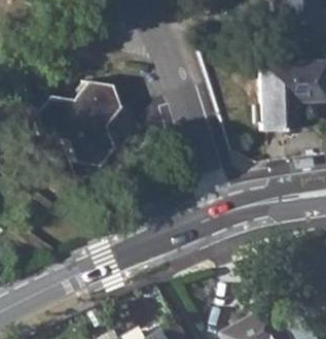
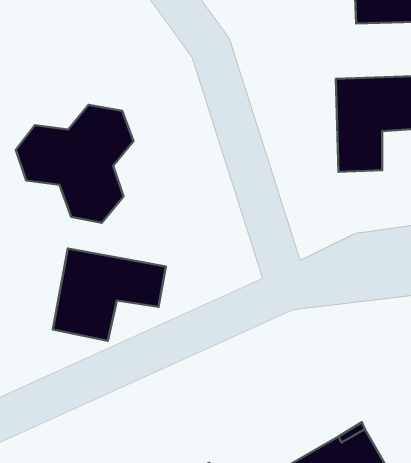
building: none -> [53,249,166,341]

